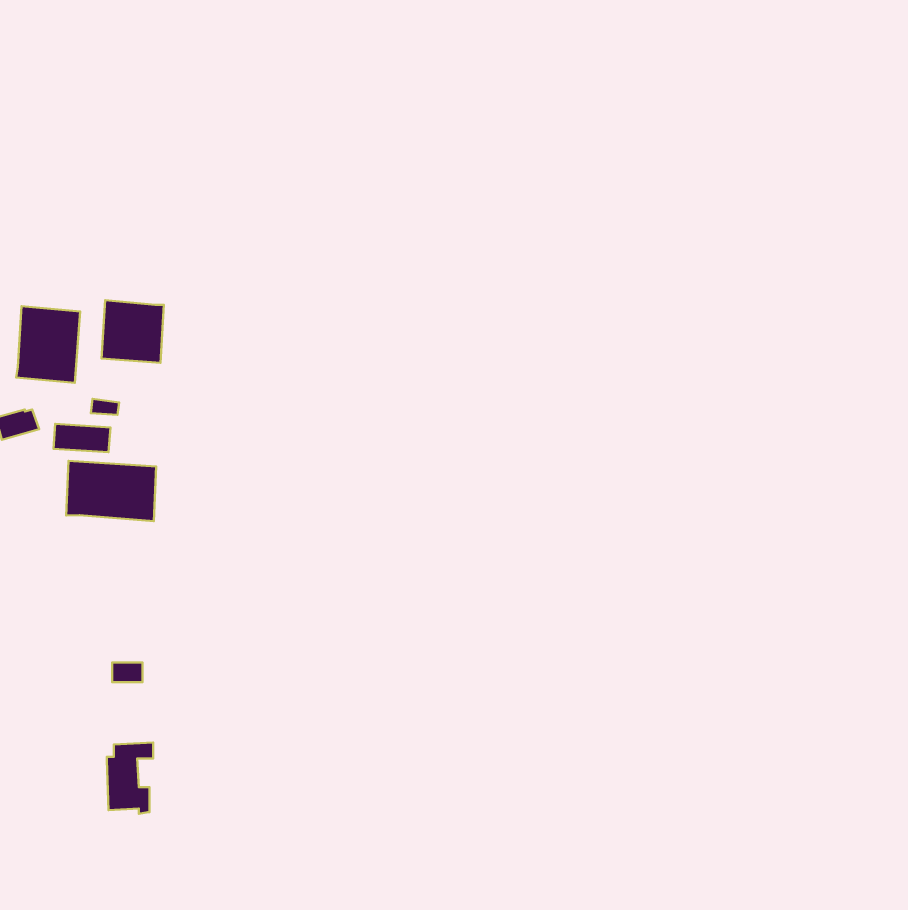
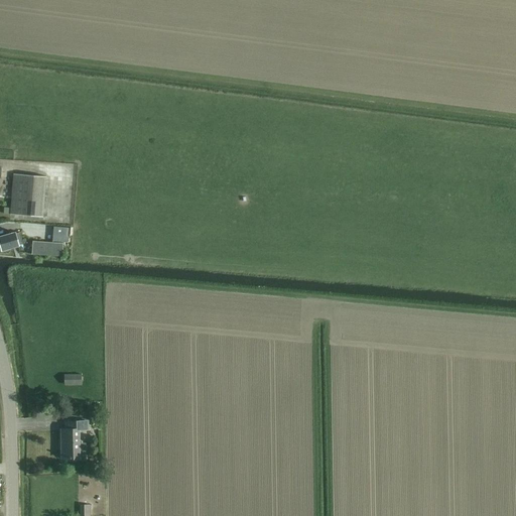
building: [102,300,164,363] -> none
building: [66,461,156,521] -> none

